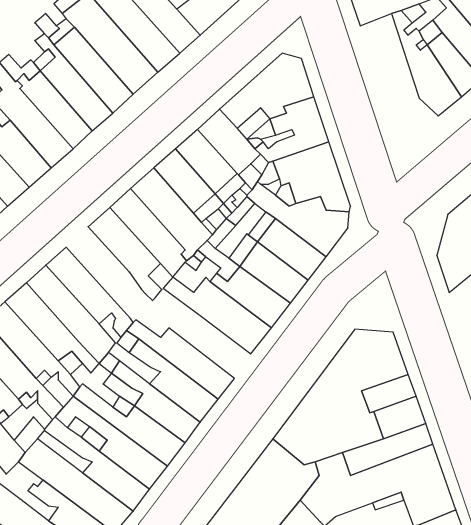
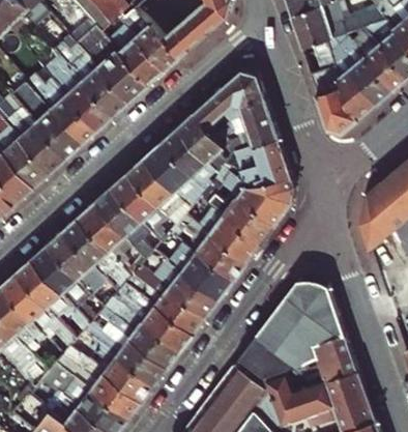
building: none -> [308,41,358,133]
building: none -> [77,203,137,272]
building: none -> [136,257,216,318]

